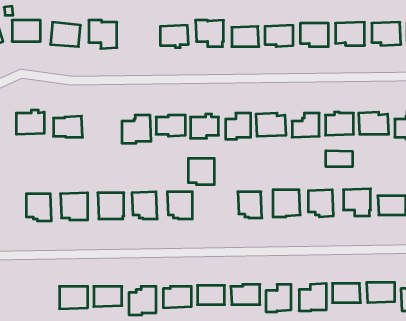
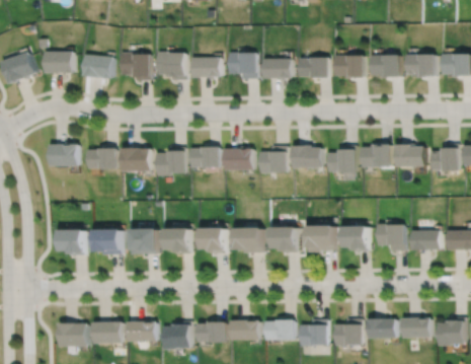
building: none -> [158,52,186,80]
building: none -> [121,149,149,172]
building: [326,151,352,167] -> none
building: [188,158,214,185] -> [236,225,262,251]
building: none -> [58,321,86,346]

